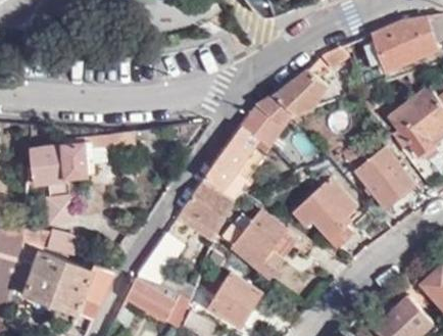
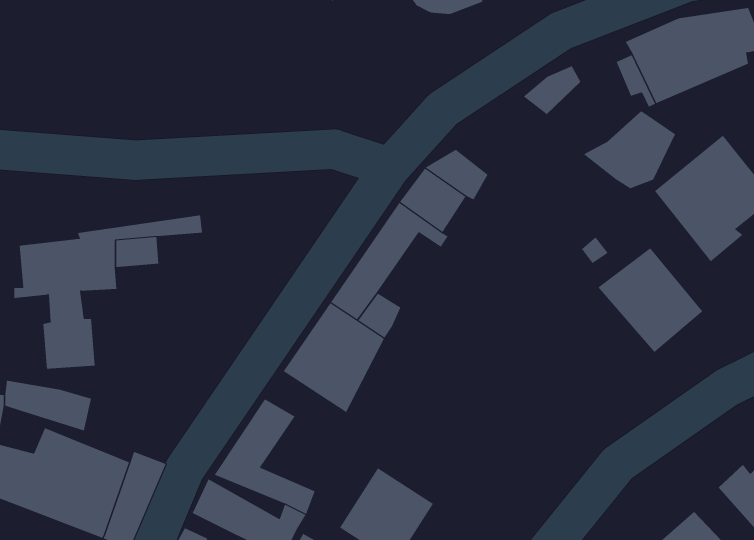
building: [275,70,327,114] -> [583,111,676,189]
building: [293,174,355,245] -> none
building: [231,212,314,276] -> none

